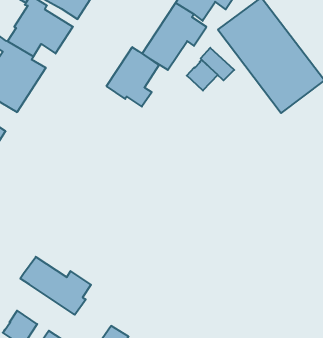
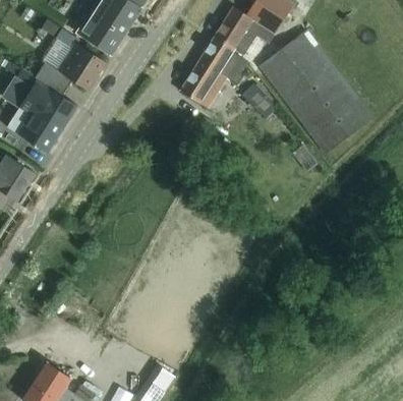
building: [107,47,159,107] -> none
building: [187,60,218,91] -> none
building: [20,257,91,315] -> none

